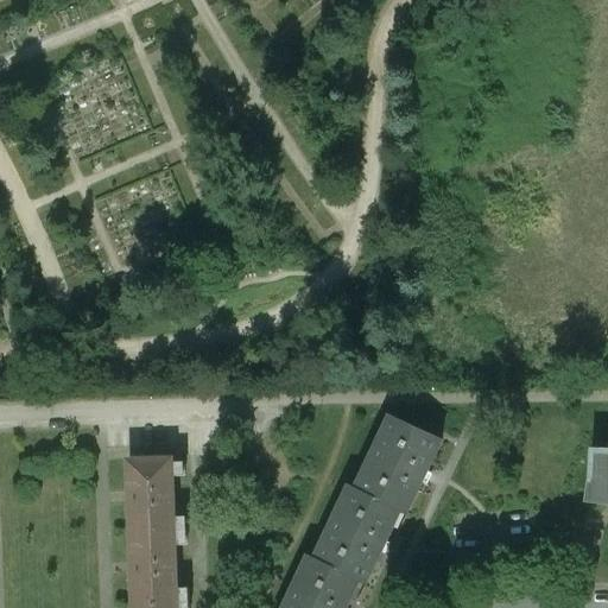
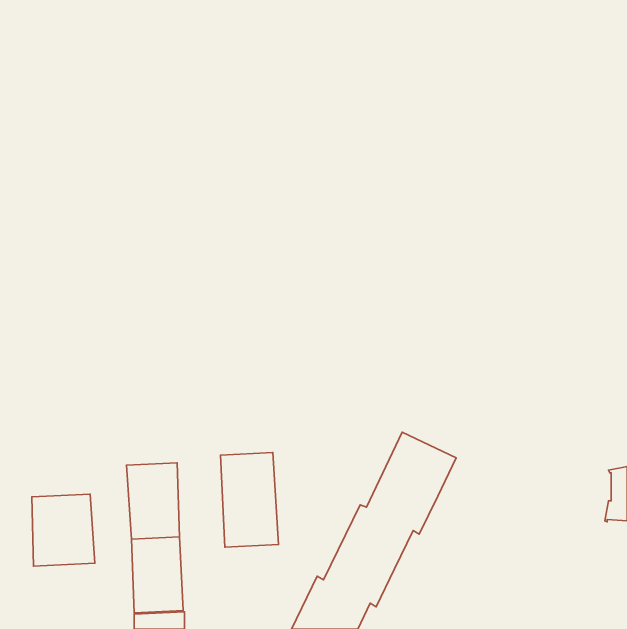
building: none -> [220,453,279,547]
building: none -> [32,494,95,566]

